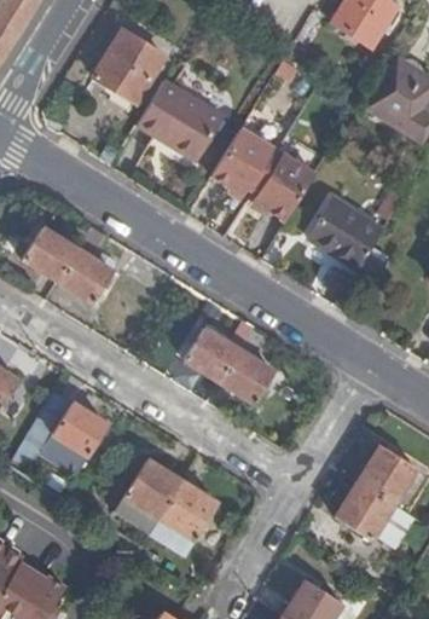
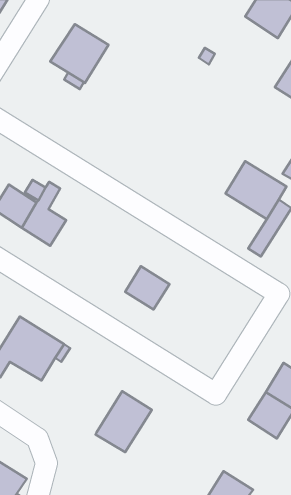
building: [137,80,225,162] -> none
building: [211,128,314,221] -> none
building: [220,325,274,403] -> none
building: [114,459,181,532] -> none

